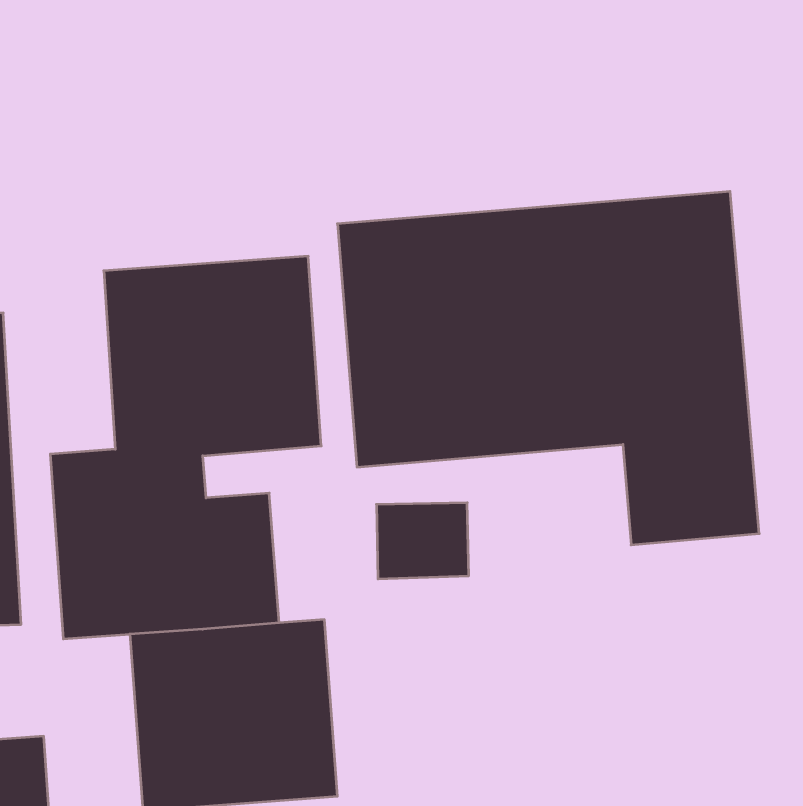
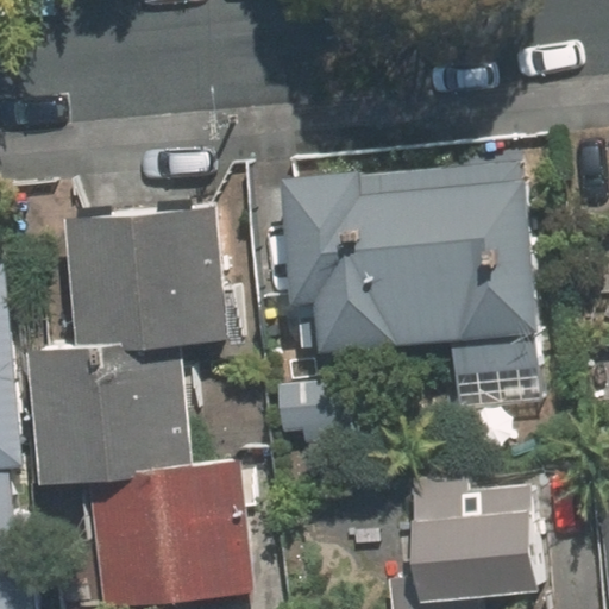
building: none -> [416,473,554,601]

